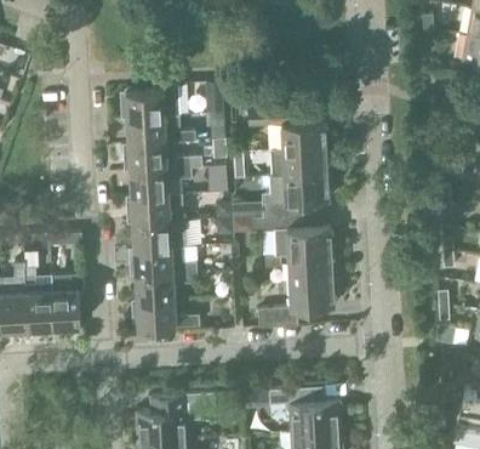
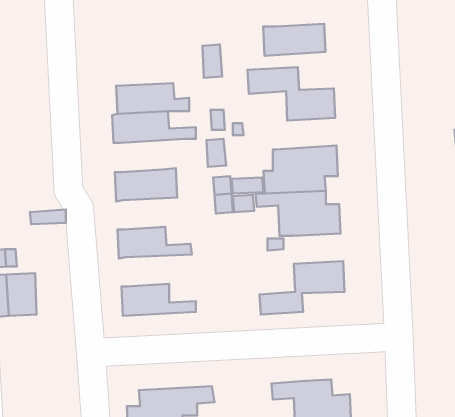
building: [120,84,179,119] -> none
building: [272,148,328,177] -> [263,24,325,56]
building: [131,167,190,198] -> none
building: [133,221,189,250] -> none
building: [288,254,335,282] -> none
building: [52,272,84,334] -> none
building: [136,273,196,302] -> none

